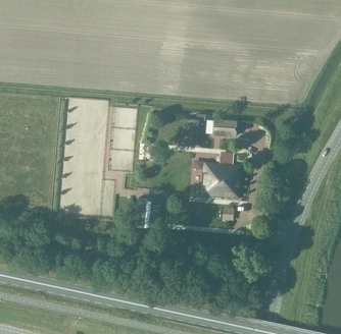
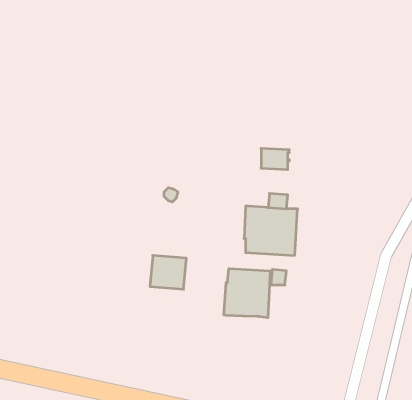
building: none -> [224,269,270,318]

